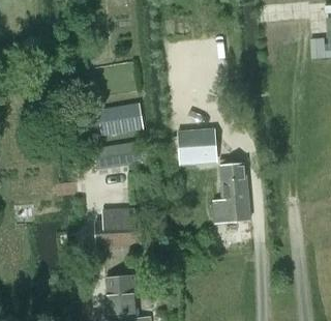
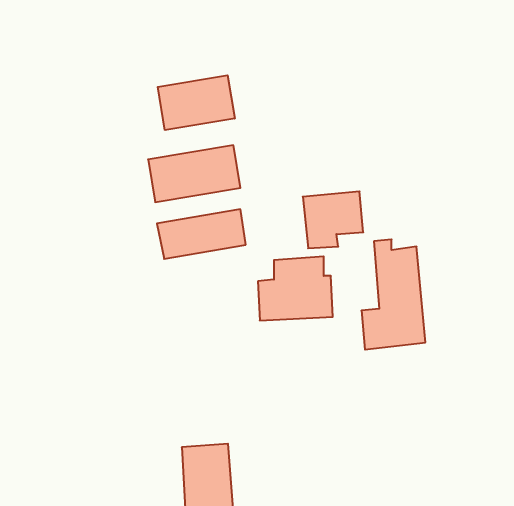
building: none -> [158,75,235,130]
building: [96,208,140,245] -> [258,256,333,320]

